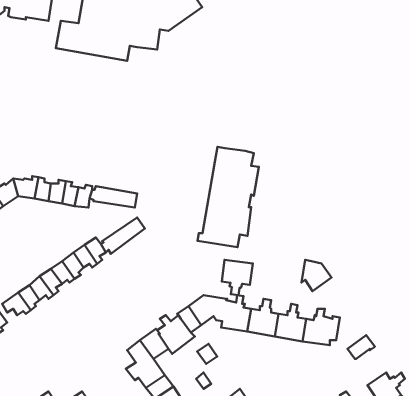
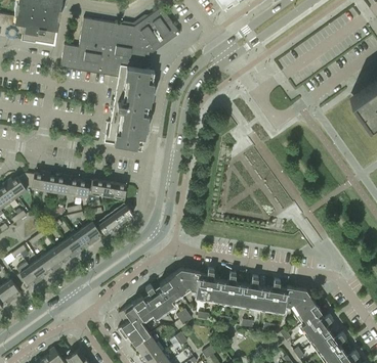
building: [197,147,259,247] -> [104,65,155,147]
building: [301,260,331,291] -> [290,287,315,313]
building: [222,260,253,295] -> none
building: none -> [301,312,333,343]

